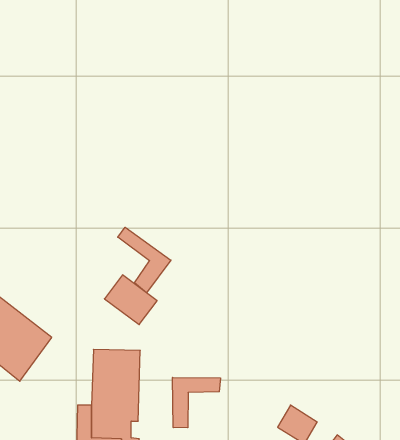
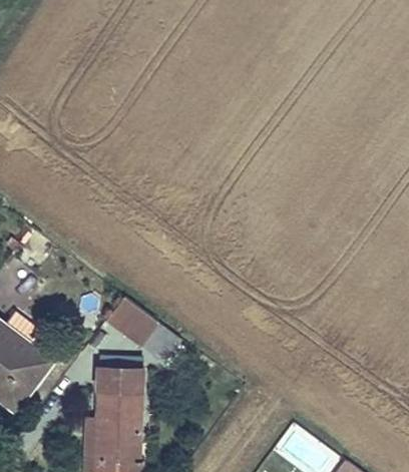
building: [118,227,171,293] -> none
building: [173,377,220,428] -> none

